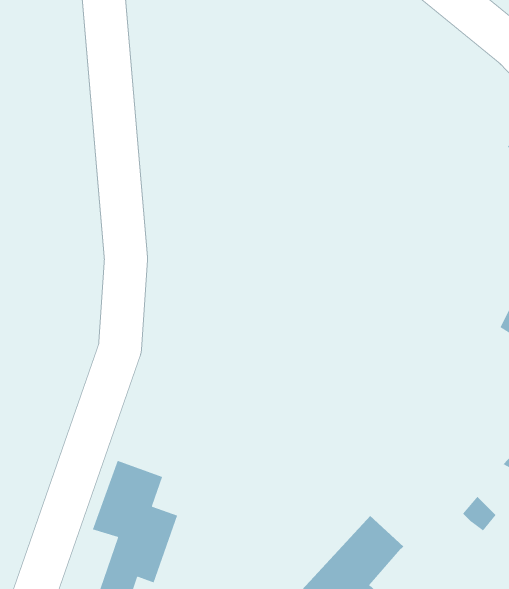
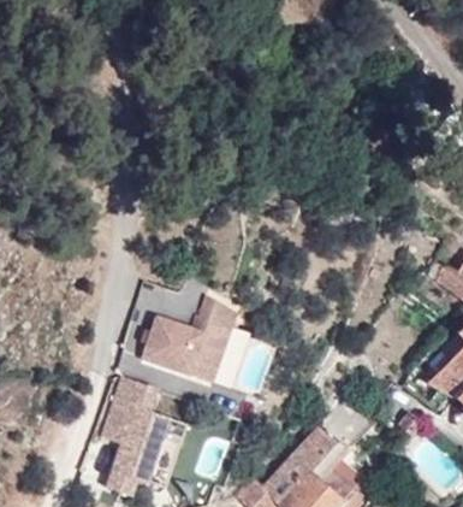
building: none -> [149,296,242,383]

